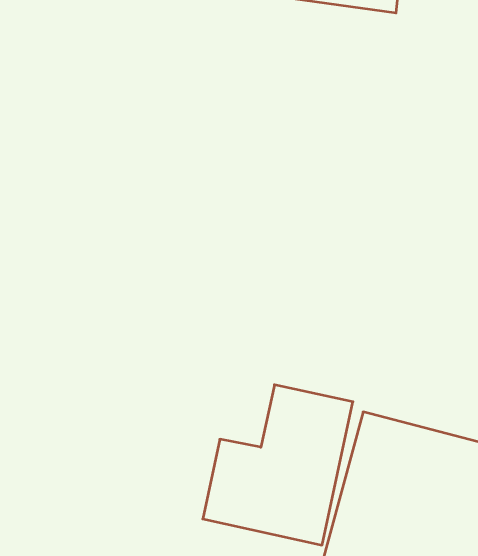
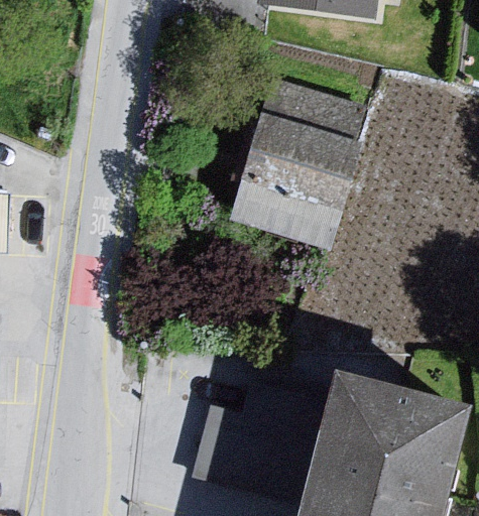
building: none -> [227,81,368,255]

